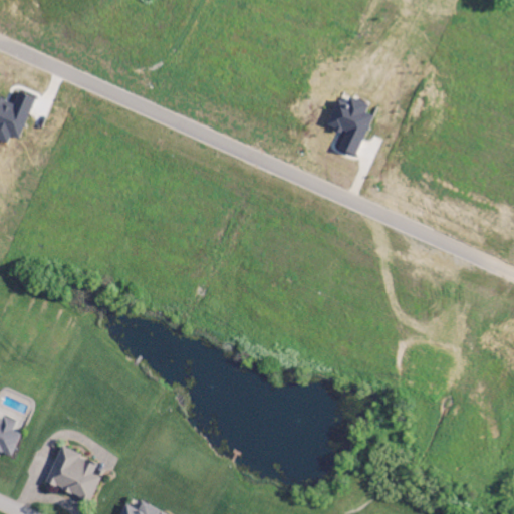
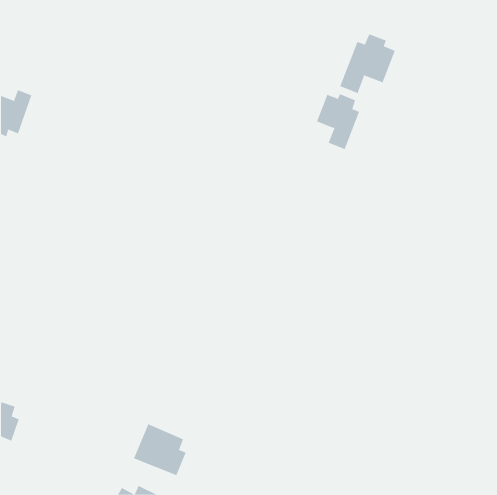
building: none -> [339,34,395,94]
building: [45,447,100,501] -> [133,423,187,476]

